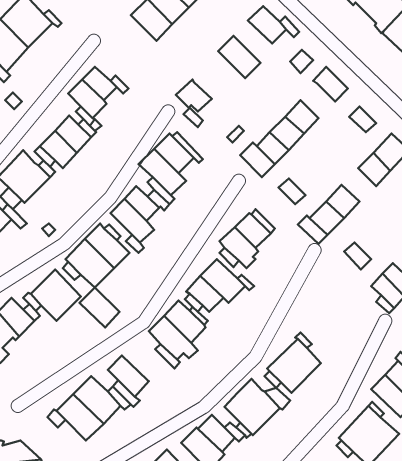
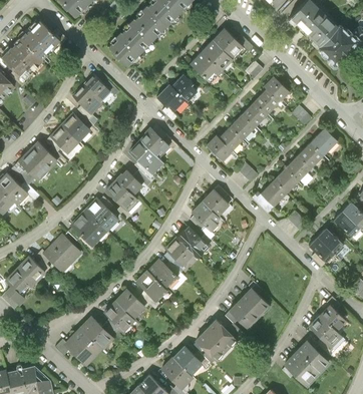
building: none -> [107,34,141,68]
building: none -> [202,38,234,70]
building: none -> [170,72,198,101]
building: none -> [254,87,281,114]
building: none -> [286,153,313,179]
building: [80,288,119,327] -> [114,288,145,319]

